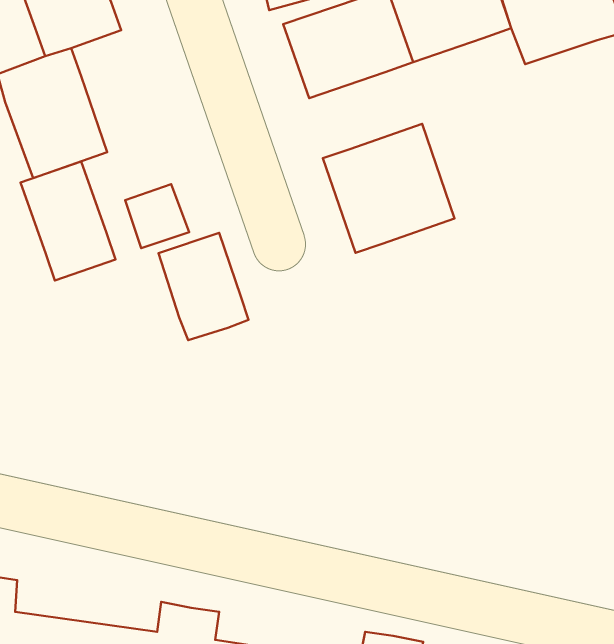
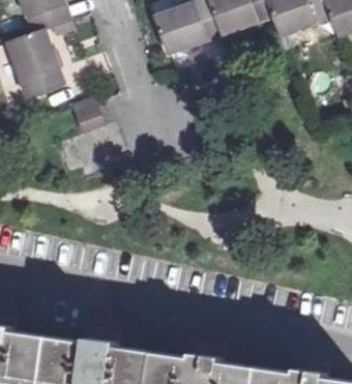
building: [323,124,455,253] -> none
building: [20,162,116,280] -> none
building: [159,233,248,340] -> none

